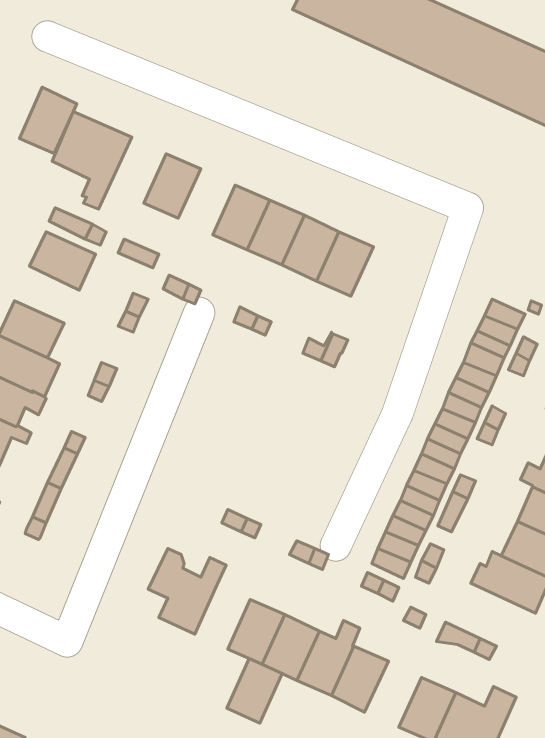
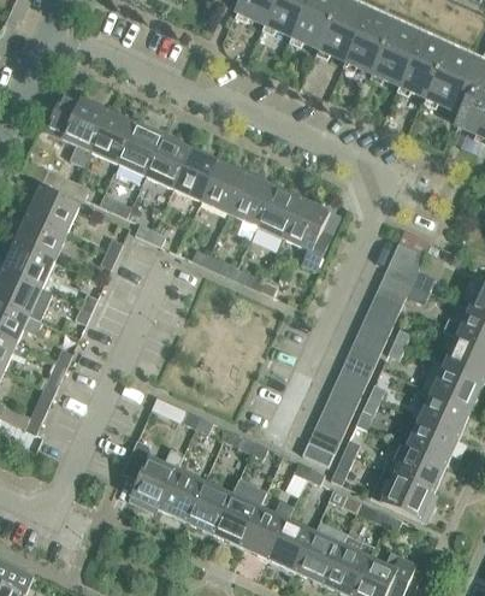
building: [20,87,77,153] -> [91,112,137,165]
building: none -> [147,137,193,190]
building: none -> [285,200,339,270]
building: none -> [16,216,67,261]
building: none -> [368,470,433,521]
building: [227,659,282,723] -> [160,471,205,523]
building: none -> [296,532,342,585]

